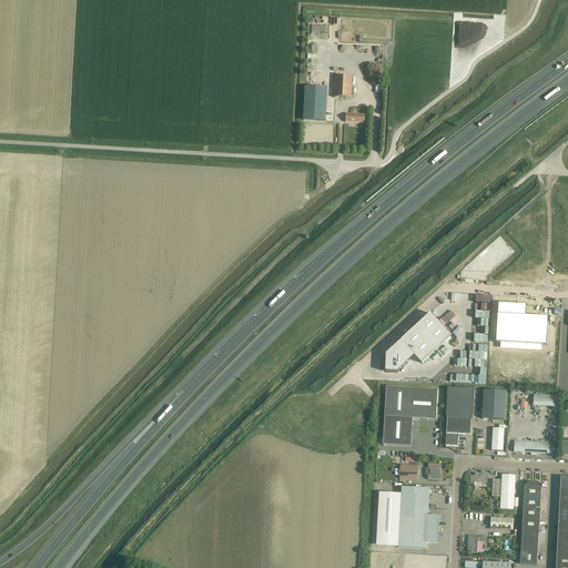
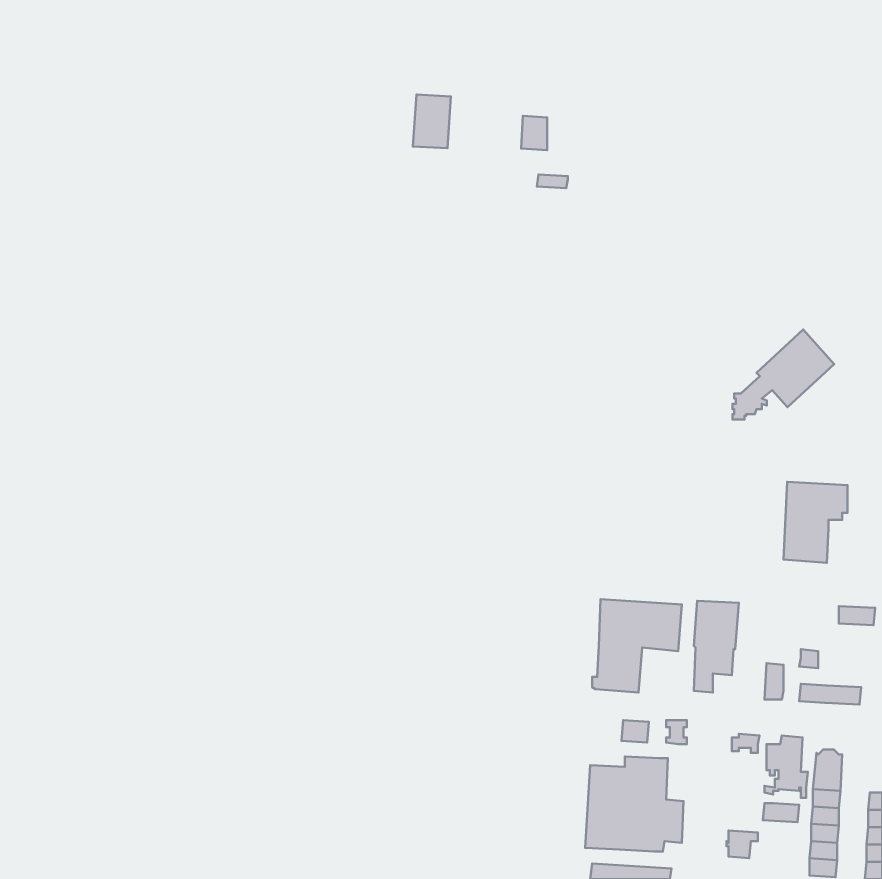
building: [303,84,327,119] -> [413,95,451,148]
building: [386,312,452,369] -> [732,330,834,419]
building: [483,388,507,418] -> none

